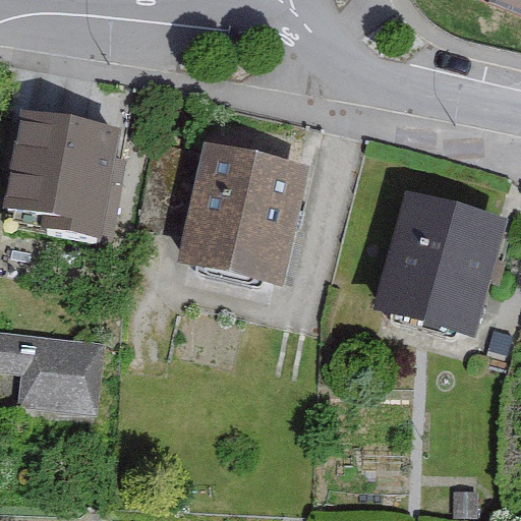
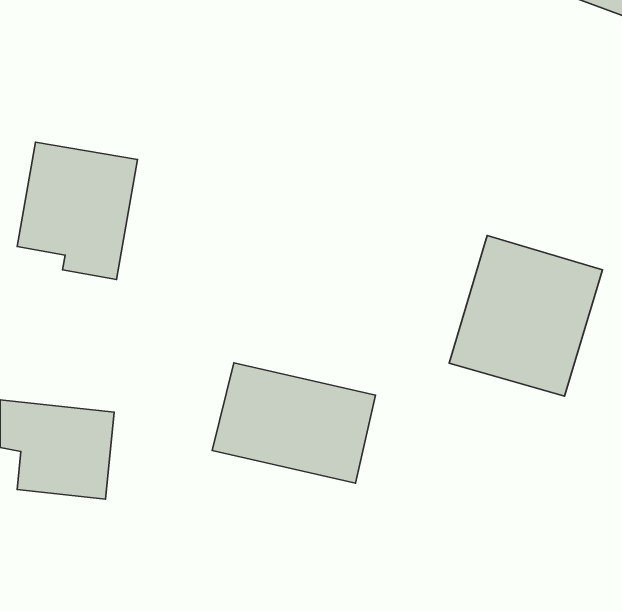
building: [185,147,305,275] -> none
building: none -> [212,363,376,483]

